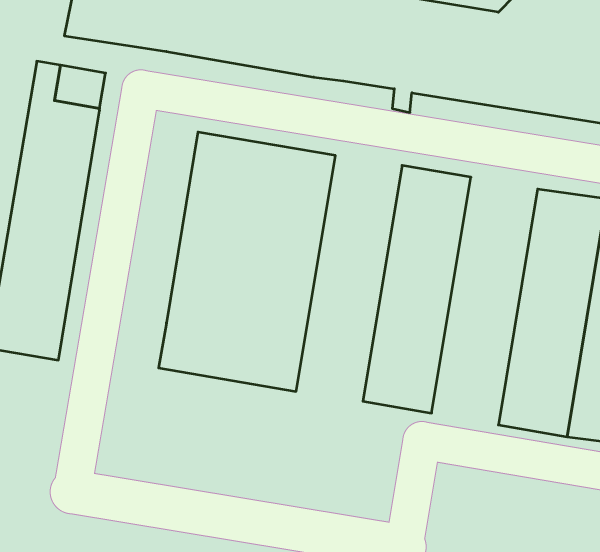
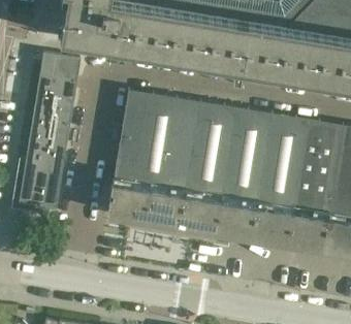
building: none -> [181,103,236,232]
building: none -> [252,115,308,245]

